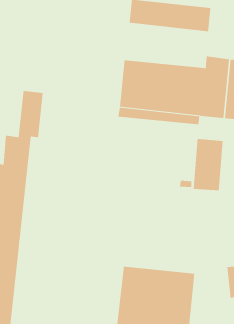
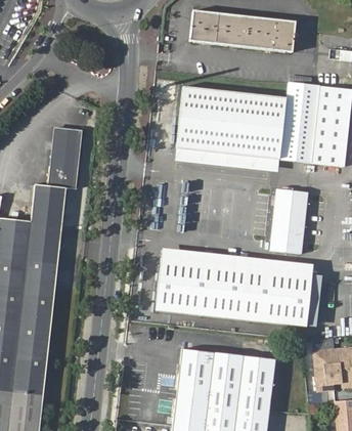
building: none -> [157,248,314,328]

